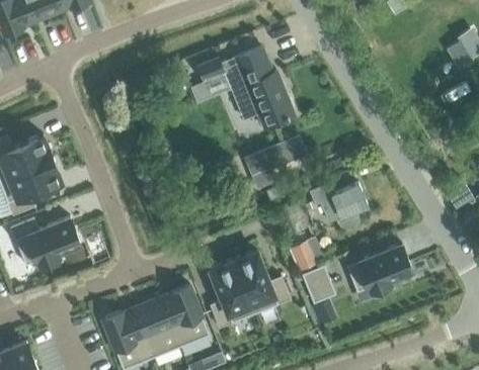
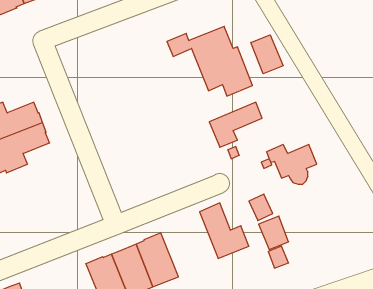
building: none -> [251,35,283,74]
building: [11,217,81,270] -> none
building: [347,245,412,296] -> none
building: [210,261,255,329] -> none

